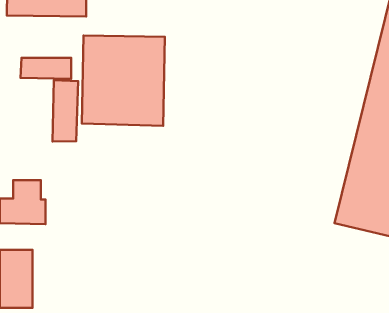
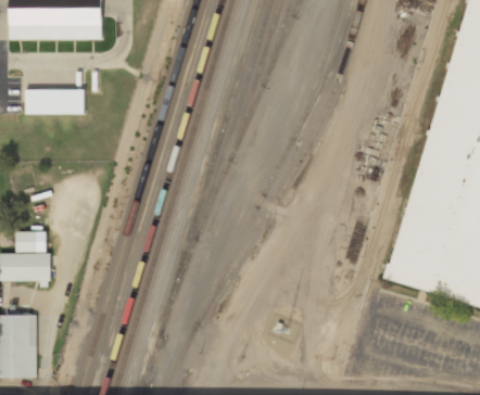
building: [82,35,165,126] -> none
building: [53,80,78,141] -> none

